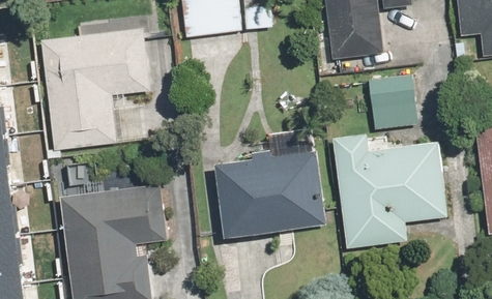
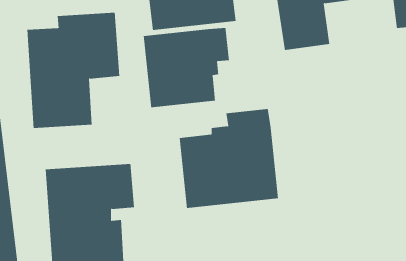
building: none -> [143,27,229,108]
building: [368,70,418,129] -> none
building: [332,132,444,247] -> none

